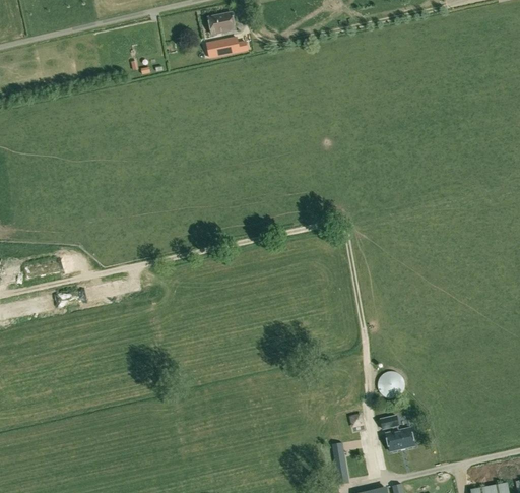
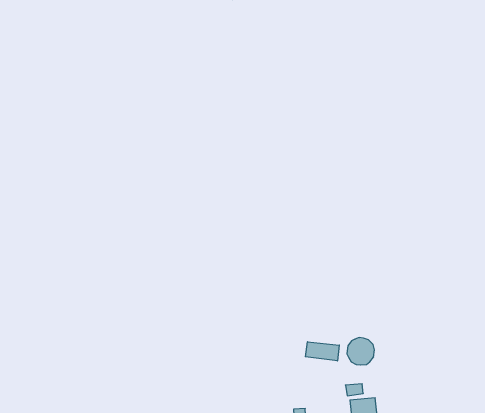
building: none -> [305,342,339,361]

